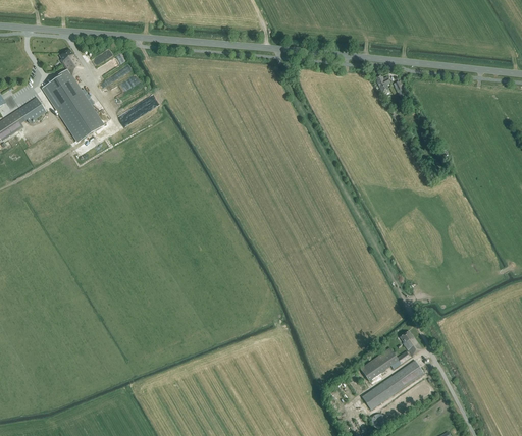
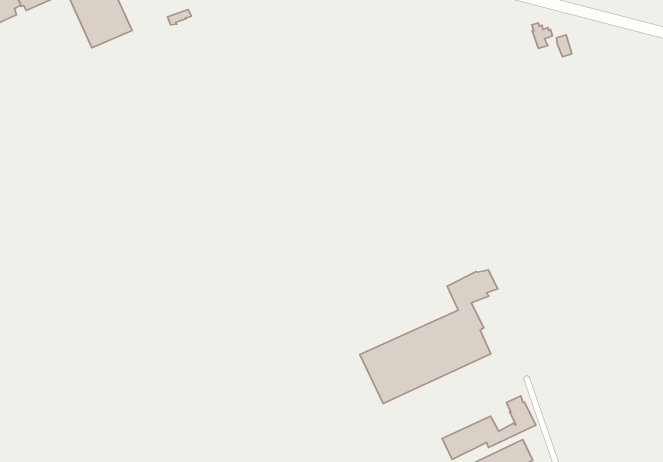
building: none -> [360,270,498,403]

